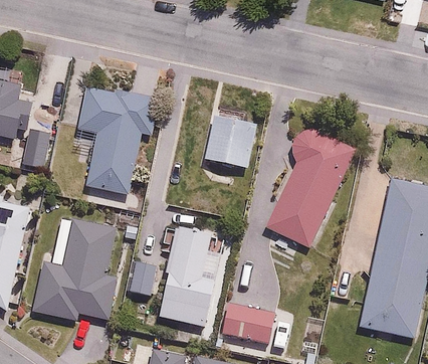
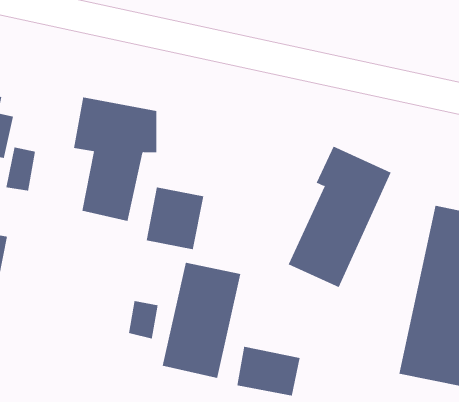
building: [205,114,255,168] -> [146,187,204,250]
building: [29,216,114,322] -> none

